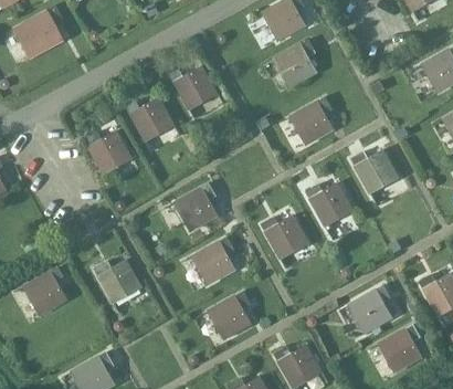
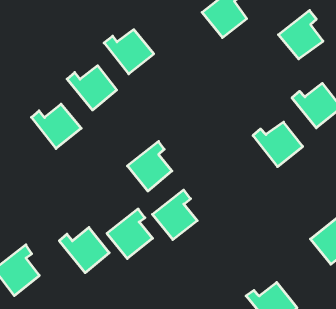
building: [289,96,334,144] -> [278,10,323,59]
building: [261,214,308,259] -> none
building: [207,291,252,339] -> [107,209,153,259]

